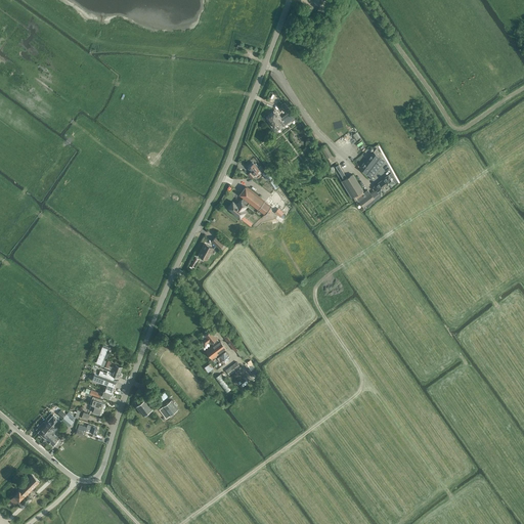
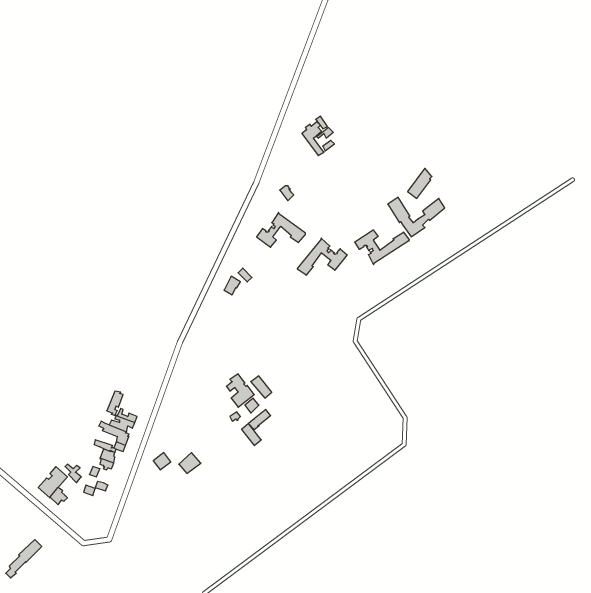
building: none -> [355,230,409,265]
building: none -> [298,238,347,275]

